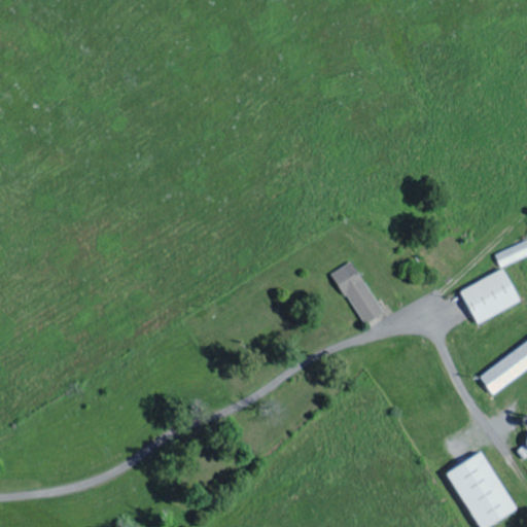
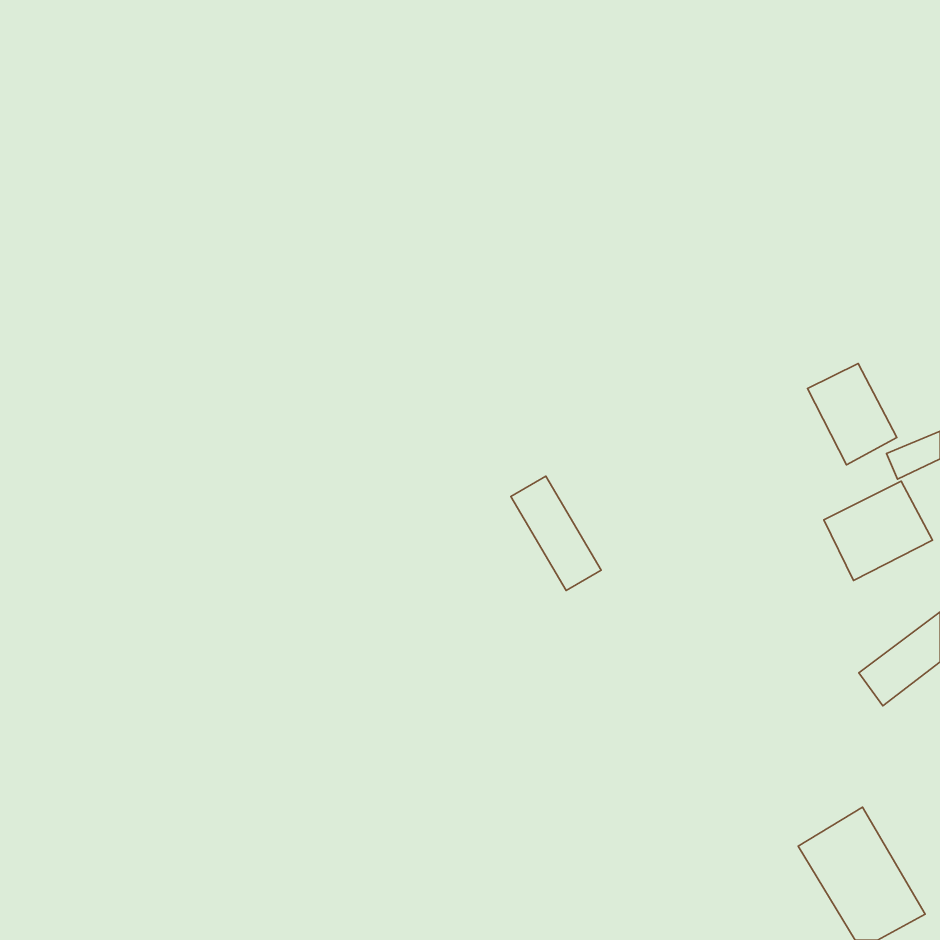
building: none -> [807,364,897,465]
building: [333,260,384,324] -> [511,476,601,591]

